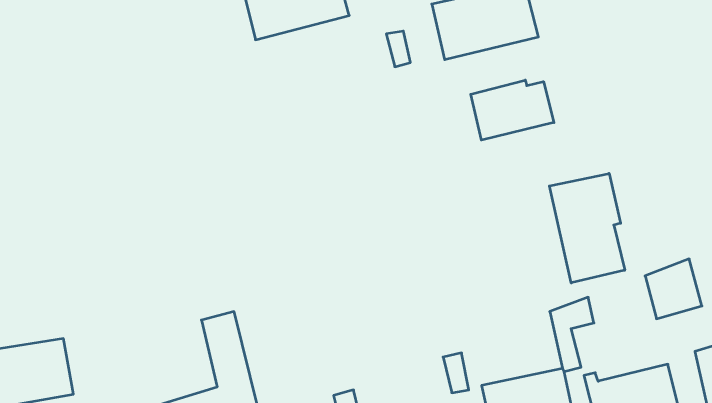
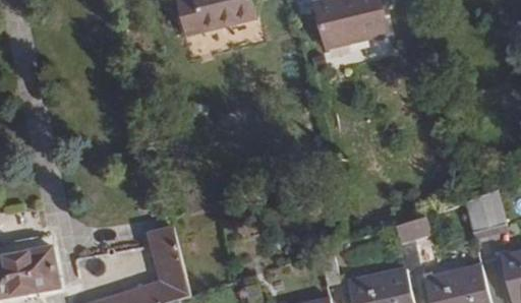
building: [471,80,554,140] -> none
building: [549,173,625,283] -> none

